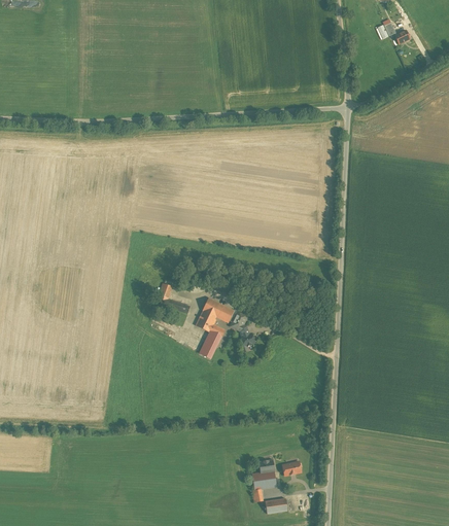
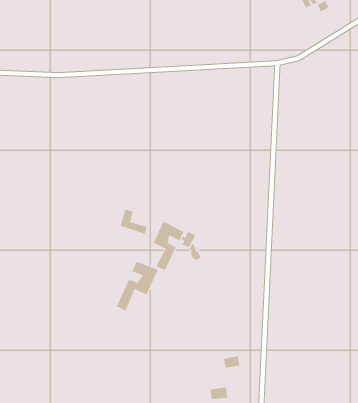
building: none -> [116,261,159,311]
building: [252,460,276,502] -> none

